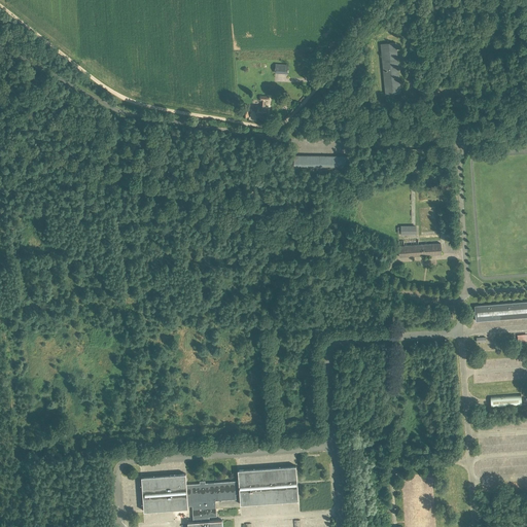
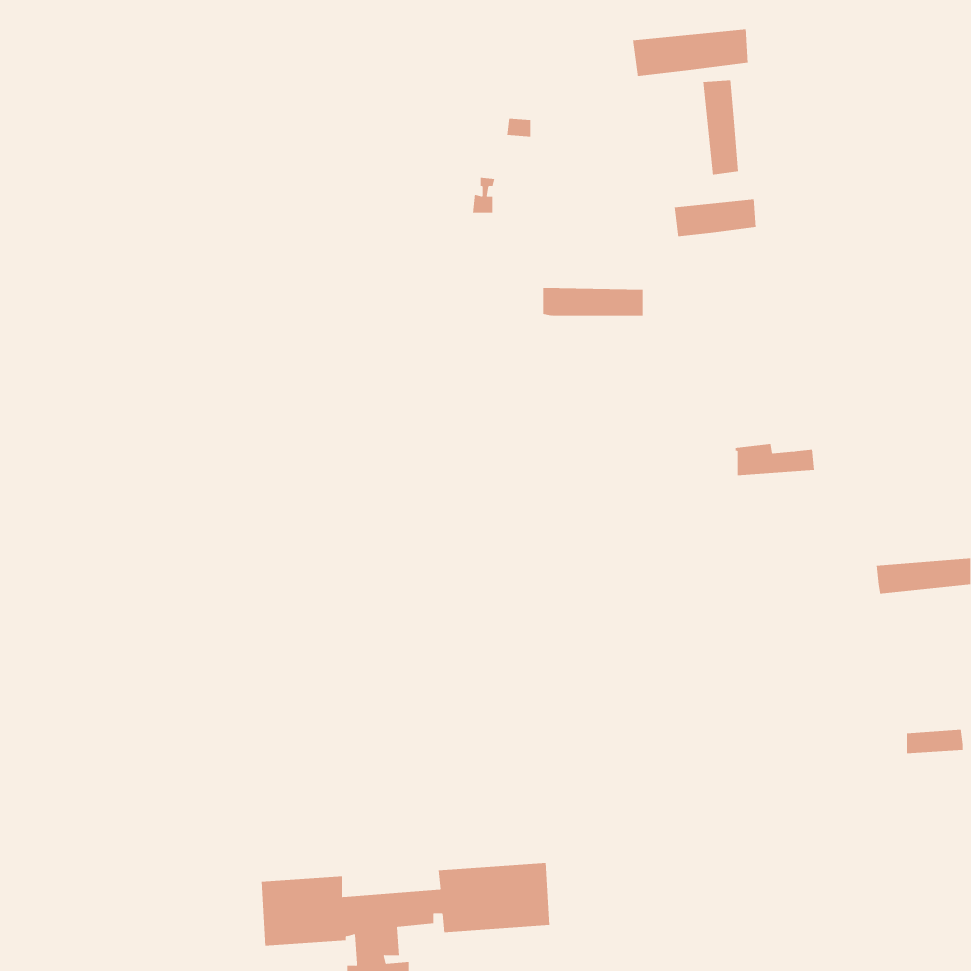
building: none -> [633,28,748,77]
building: none -> [674,199,756,237]

